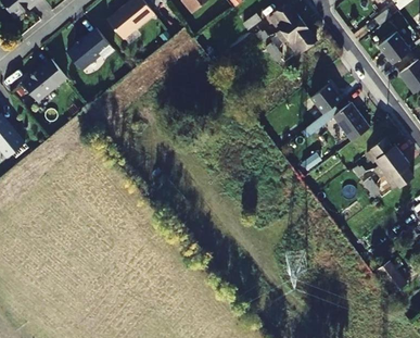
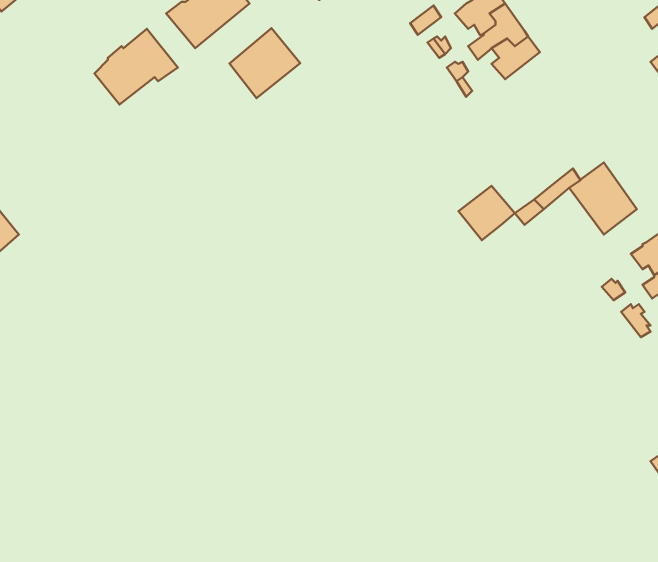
building: none -> [230,28,300,98]
building: [21,66,58,101] -> none
building: [310,84,342,114] -> [459,186,515,240]

